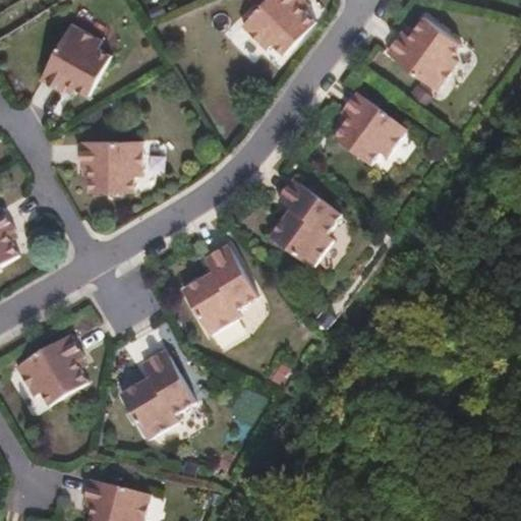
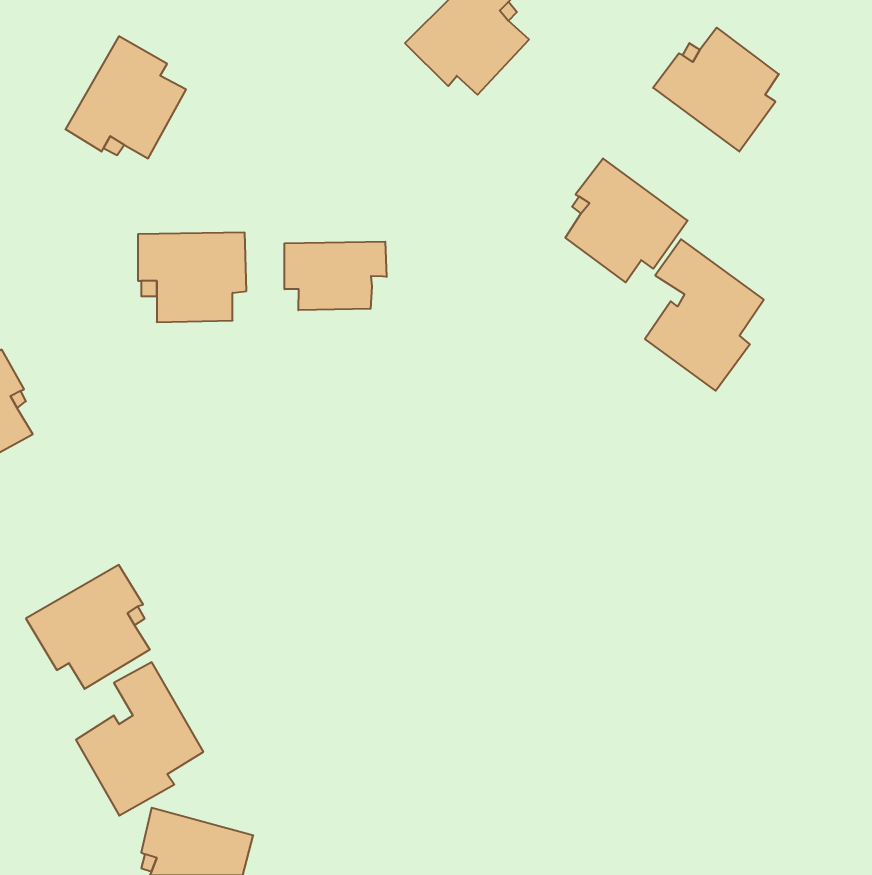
building: none -> [285,242,387,310]
building: [271,179,341,269] -> [645,239,764,391]
building: [182,243,255,335] -> none
building: [119,350,194,441] -> [76,662,203,816]

